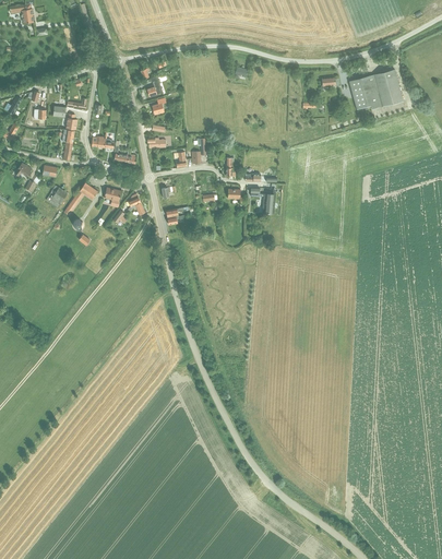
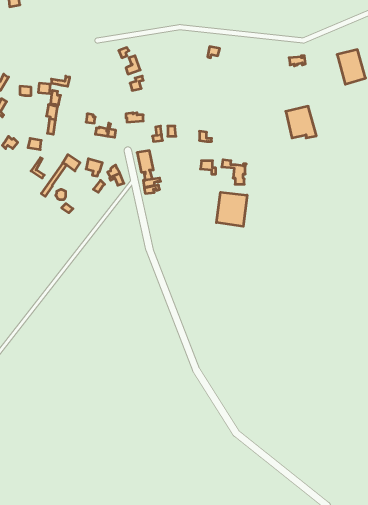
building: [349,75,382,109] -> [286,106,316,138]
building: none -> [216,192,247,226]

